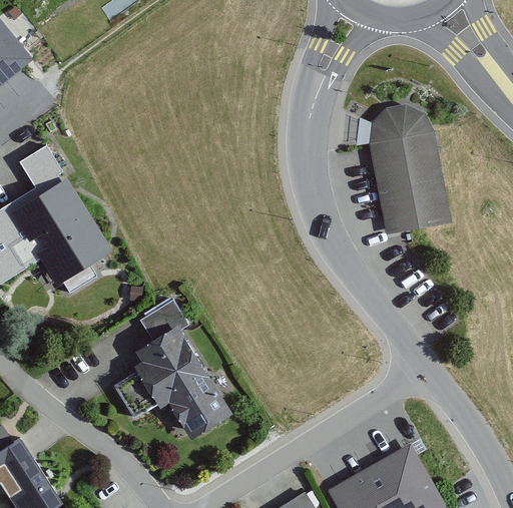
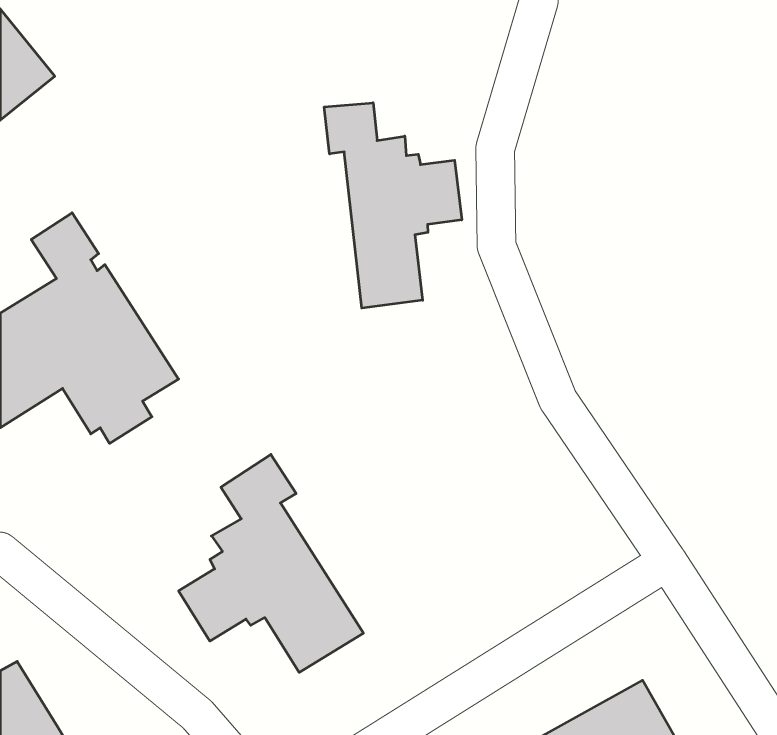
building: none -> [324,103,462,308]
building: [371,96,443,230] -> none

